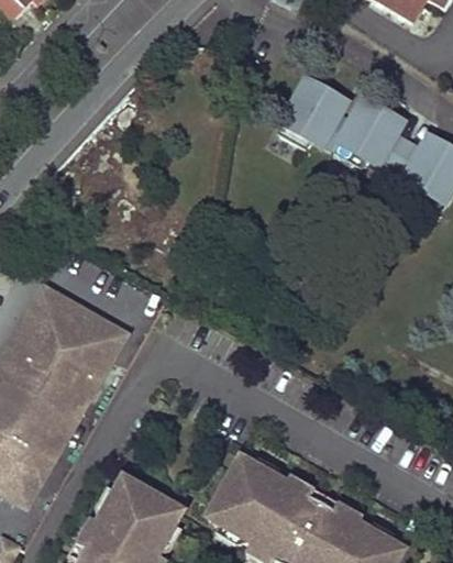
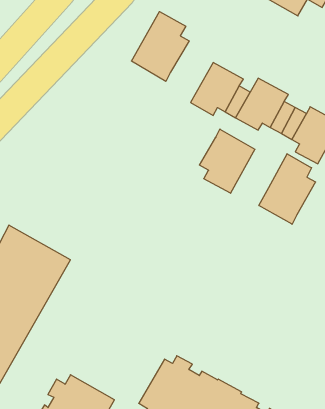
building: none -> [131,12,189,81]
building: none -> [199,129,255,193]
building: none -> [259,154,316,224]

